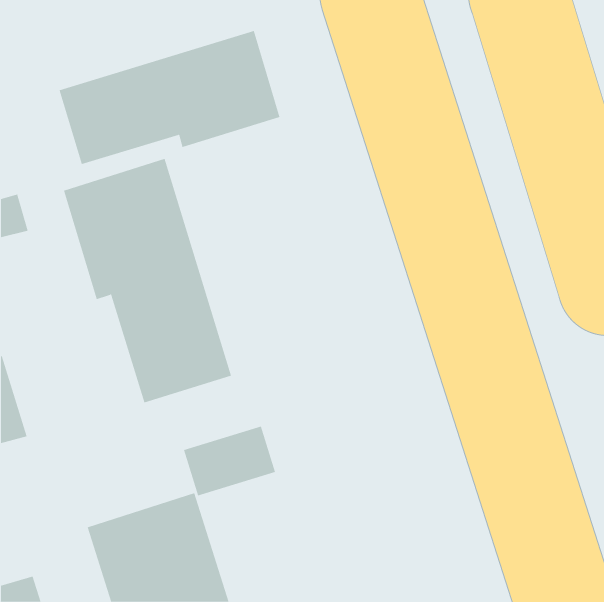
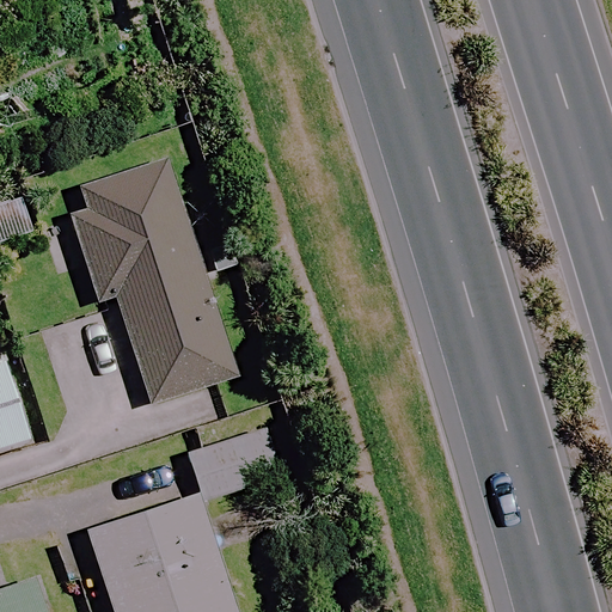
building: [59,30,280,165] -> none

